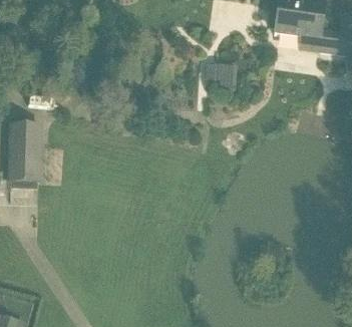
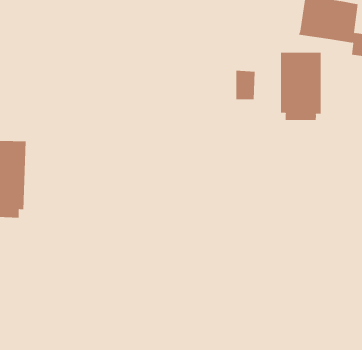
building: none -> [280,52,321,121]

